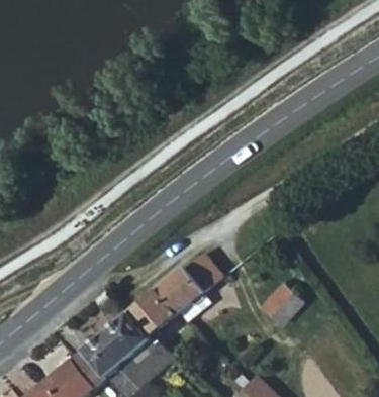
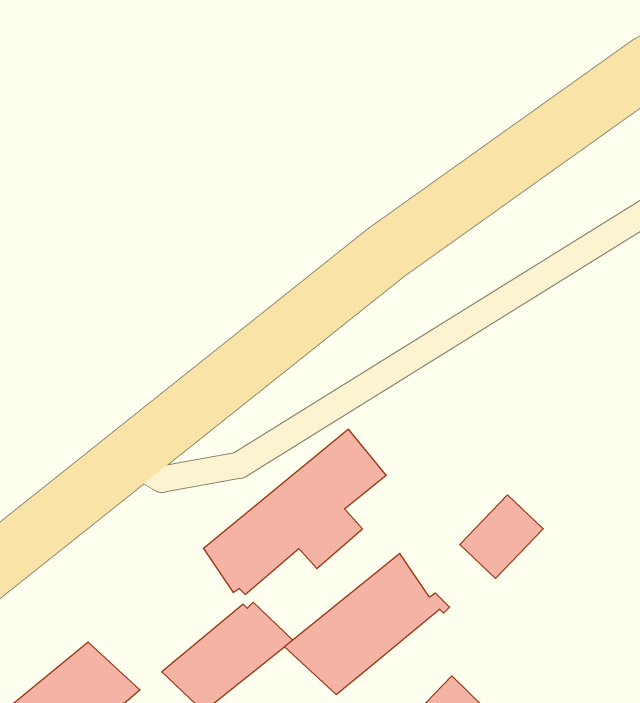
building: [71,312,155,384] -> [285,553,450,695]

